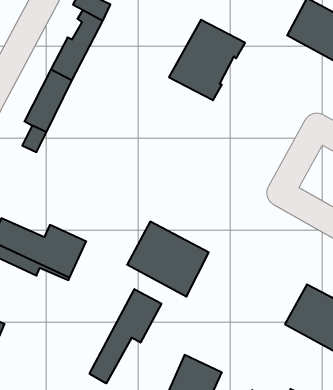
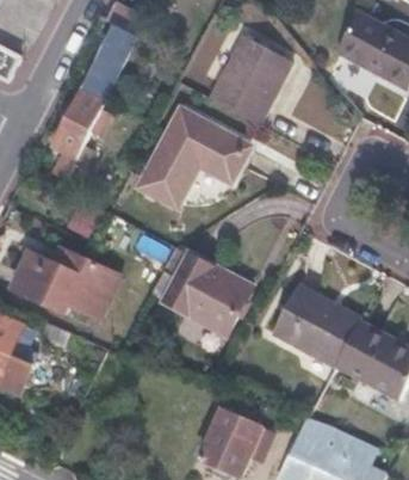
building: none -> [138,107,249,205]
building: none -> [273,284,358,364]
building: [90,289,161,383] -> none

